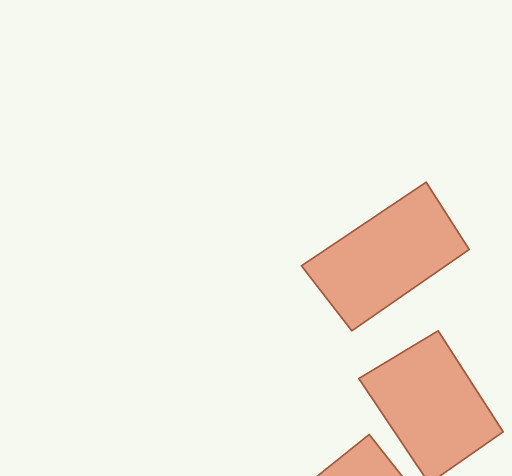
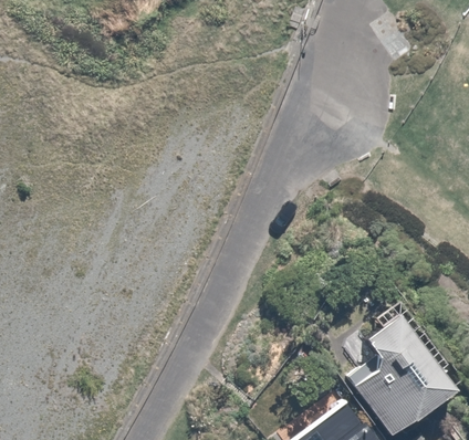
building: [301,182,469,331] -> none

